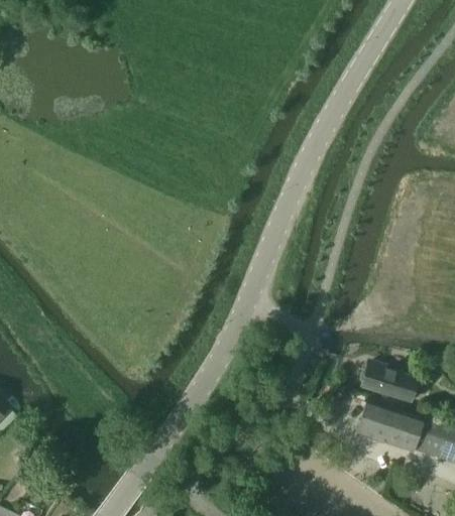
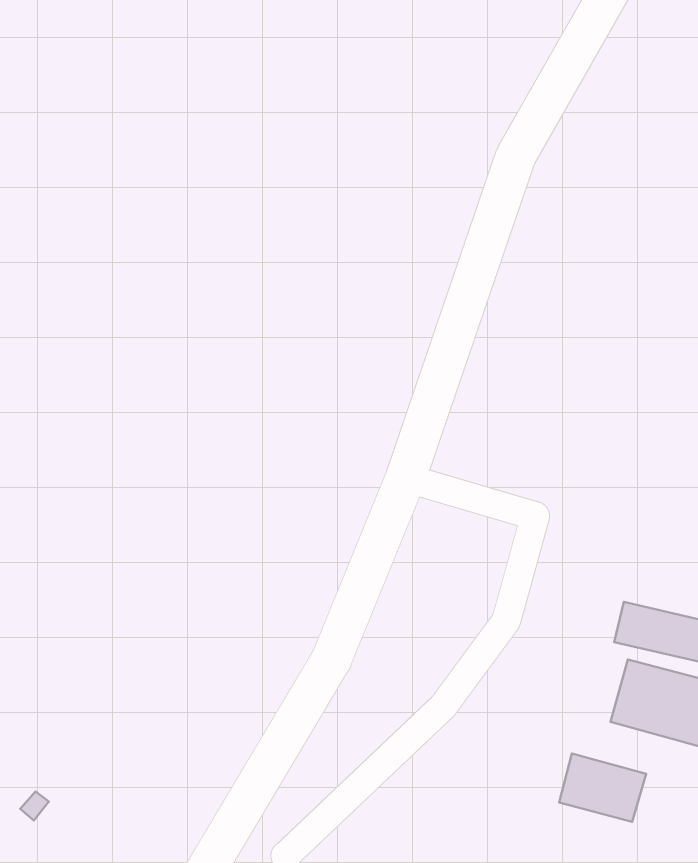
building: none -> [559,753,646,822]

